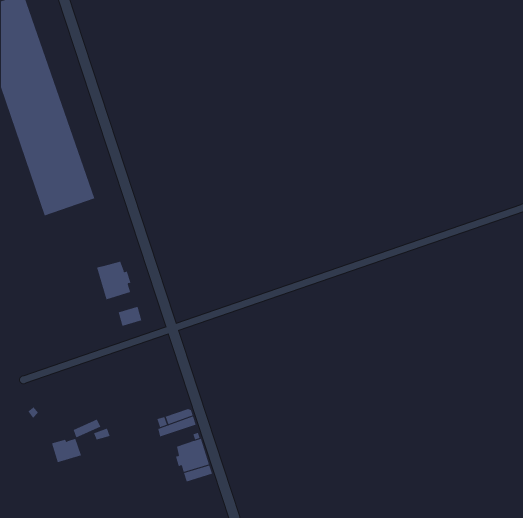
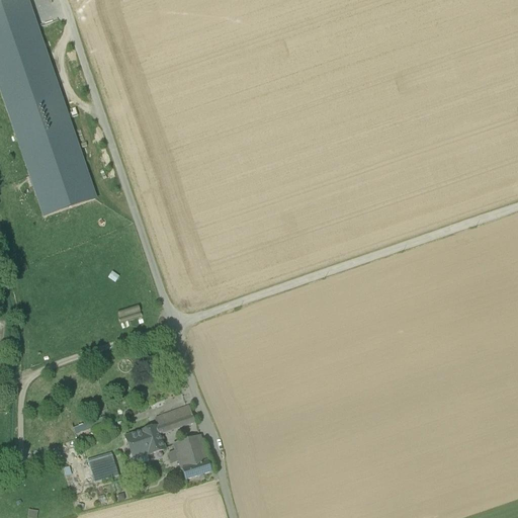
building: [97,261,131,300] -> none
building: none -> [125,424,163,456]
building: [51,438,82,463] -> [87,455,117,480]

